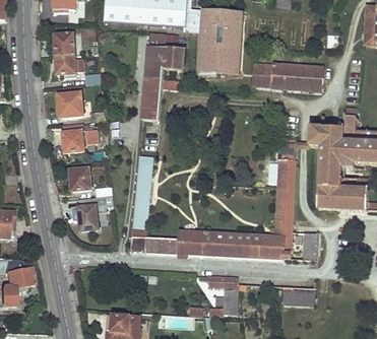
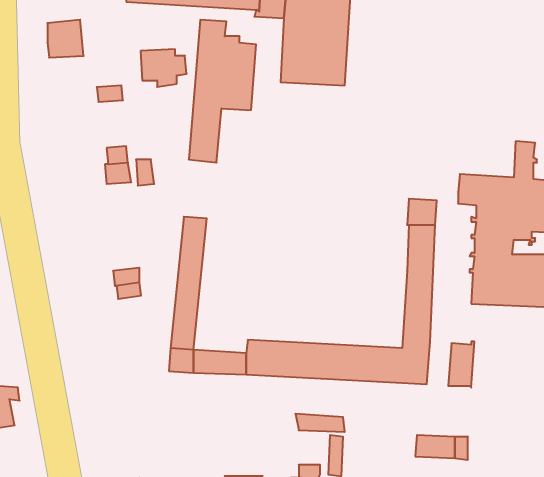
building: [56,55,84,78] -> [141,49,187,87]
building: [252,63,324,89] -> none
building: [59,91,83,117] -> none
building: [63,122,84,152] -> none
building: [70,167,90,191] -> none
building: [78,205,99,230] -> none

